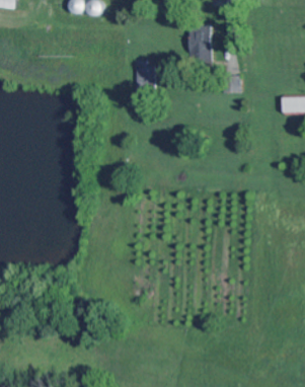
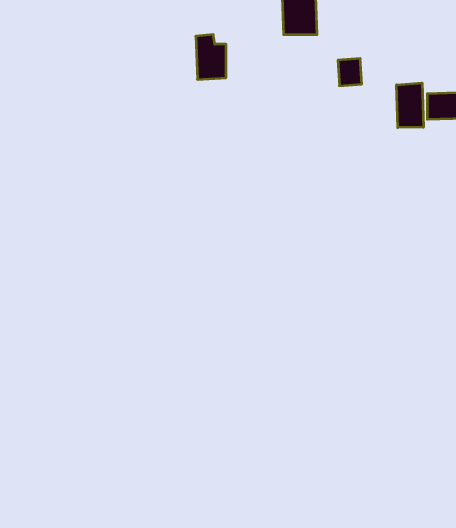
building: none -> [397,83,423,128]

